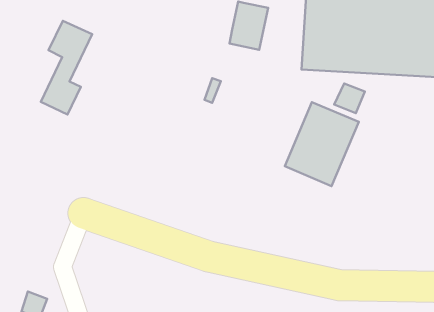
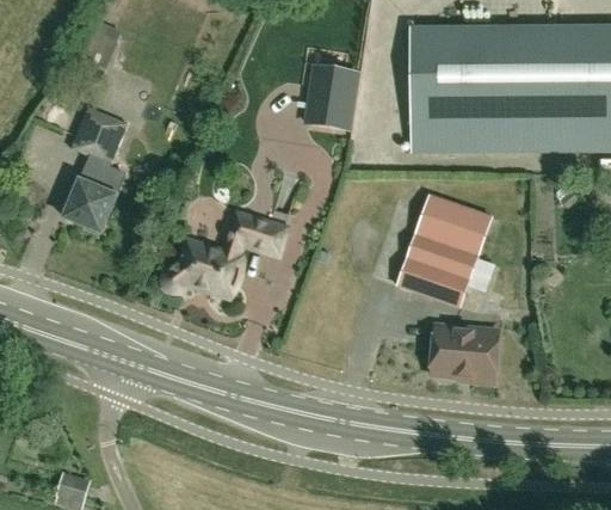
building: [334,83,365,113] -> none
building: none -> [163,211,288,296]
building: none -> [431,324,498,381]

